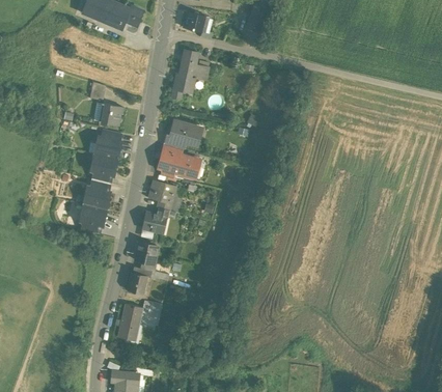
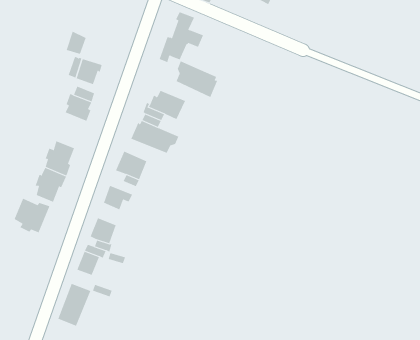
building: none -> [176,61,218,98]
building: [91,153,117,184] -> none
building: none -> [14,198,50,233]

